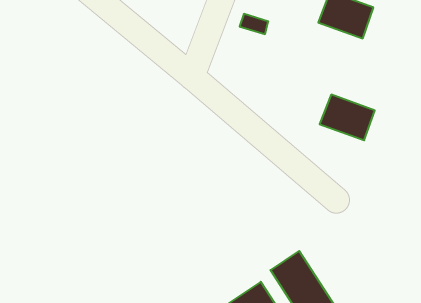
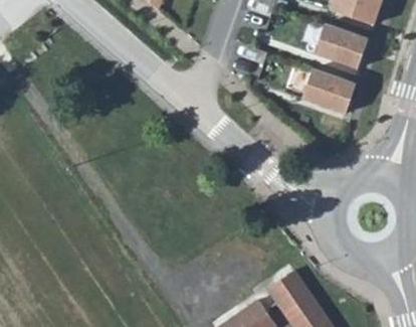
building: [320,95,375,140] -> [301,67,354,111]

